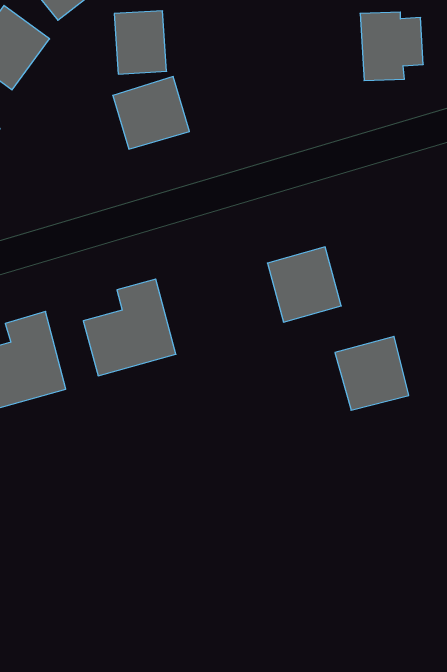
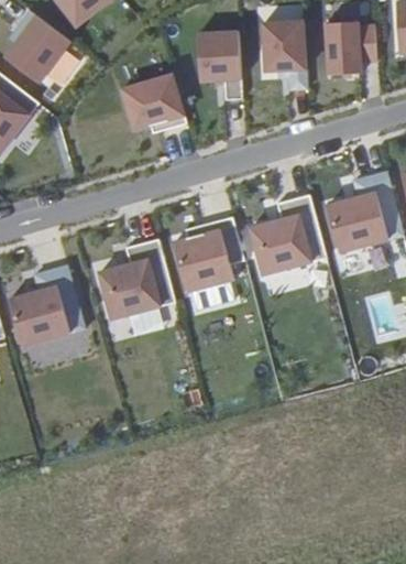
building: [114,11,167,74] -> [198,31,241,83]
building: none -> [262,20,307,89]
building: none -> [173,229,231,292]
building: [335,336,409,410] -> [326,193,386,253]

